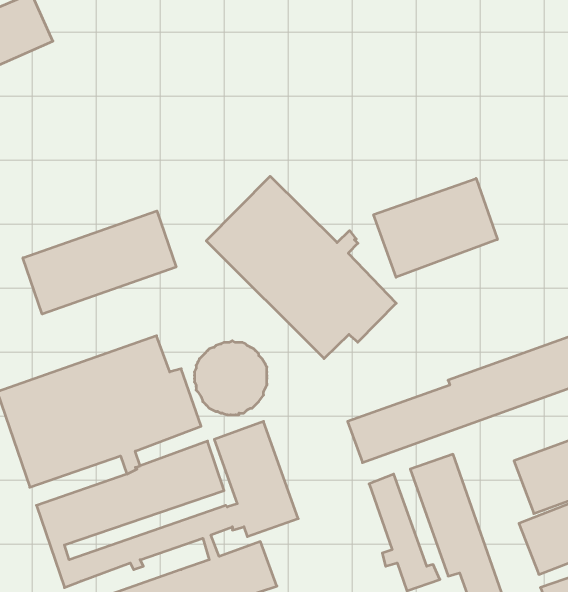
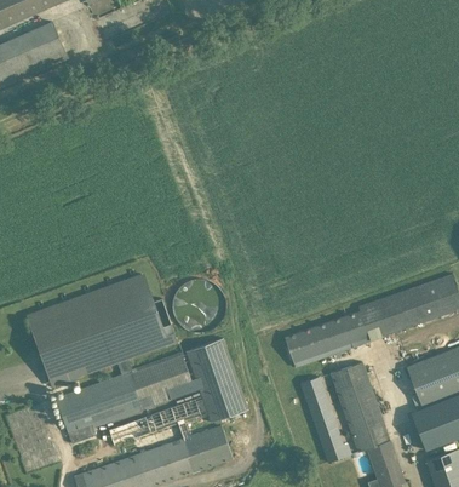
building: [206,176,396,359] -> none
building: [374,178,497,277] -> none
building: [23,211,176,314] -> none

